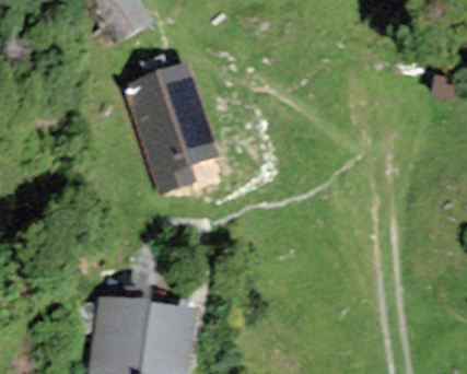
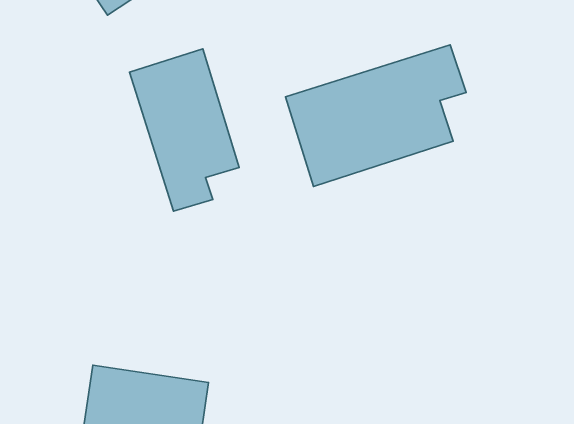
building: none -> [285,45,466,186]

